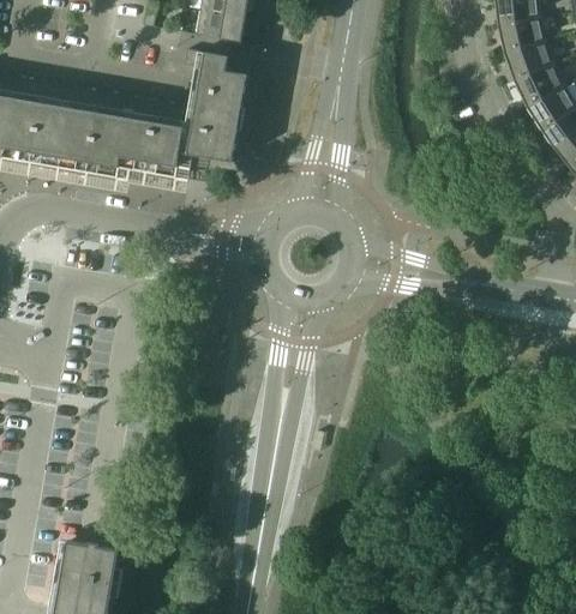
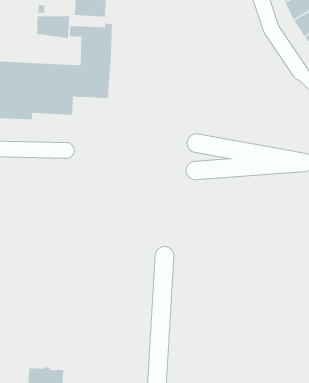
building: none -> [37,16,70,39]

